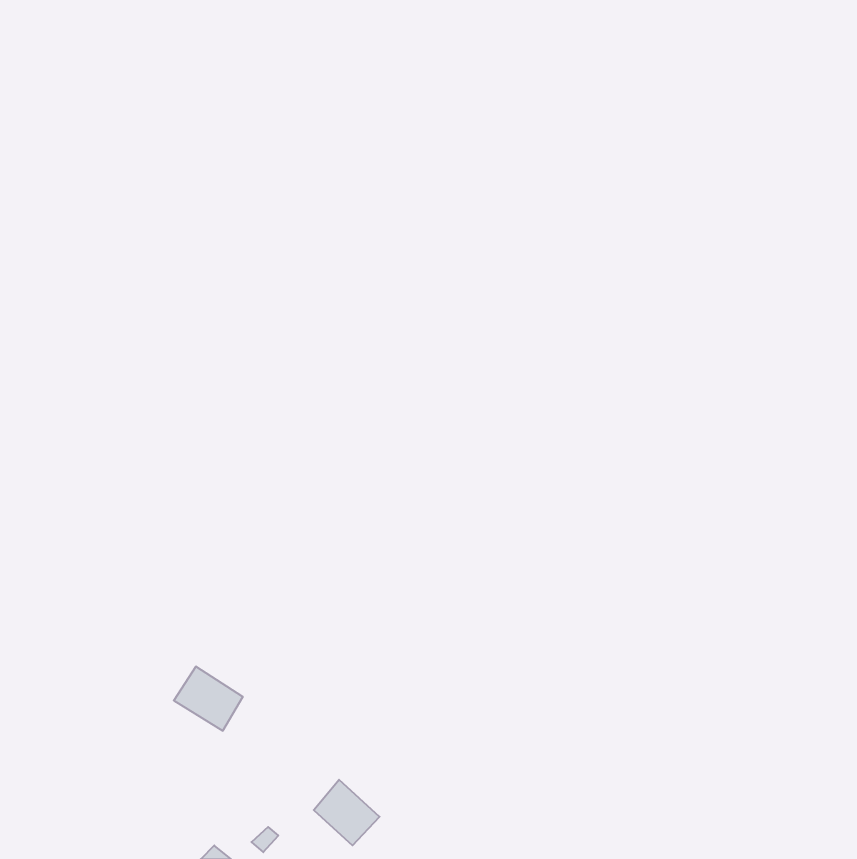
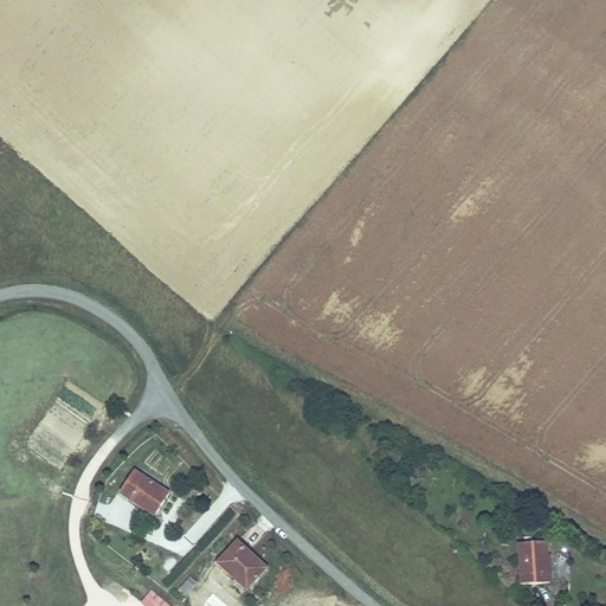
building: none -> [514,536,547,579]

